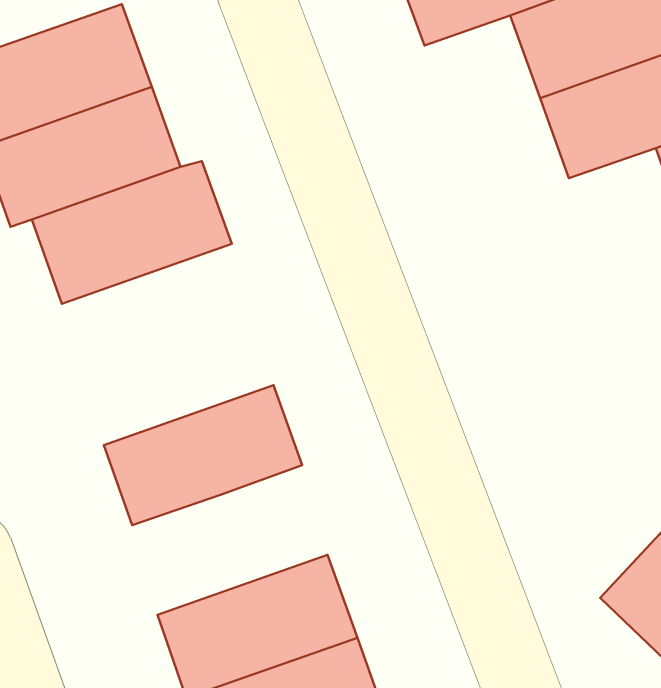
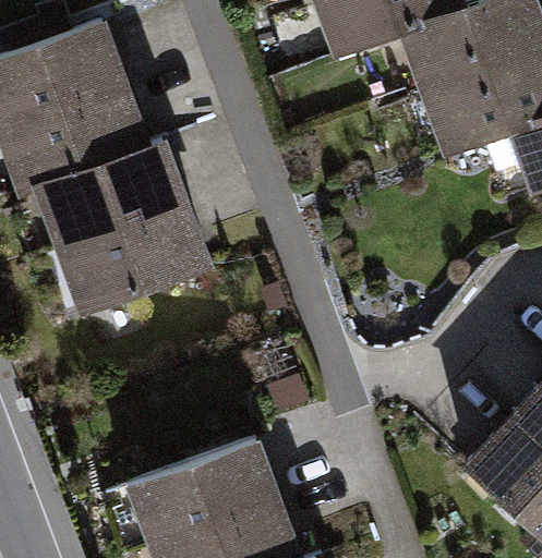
building: [104,385,302,525] -> [56,203,207,310]

